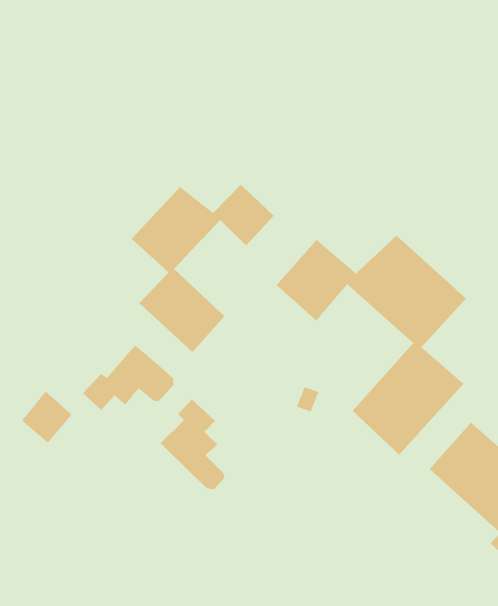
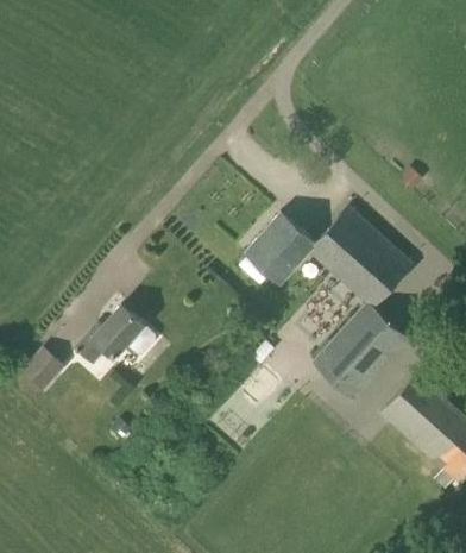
building: [131,184,274,353] -> none
building: [160,398,225,490] -> none

